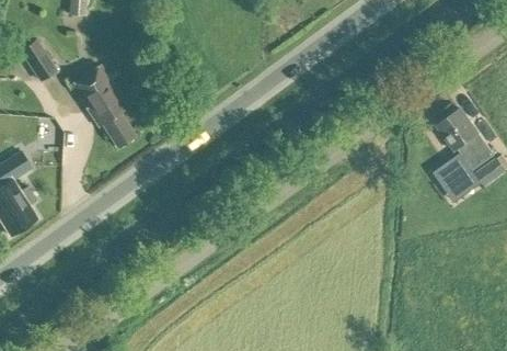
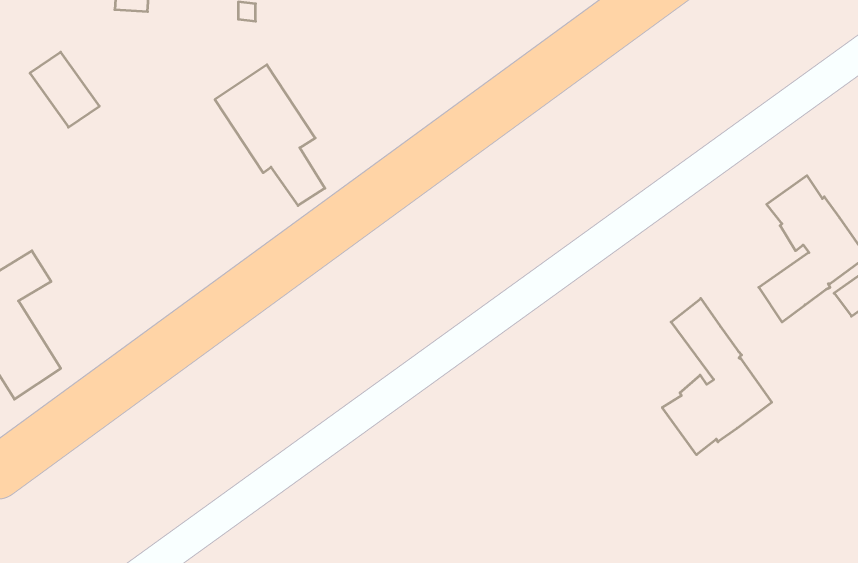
building: [71,65,134,145] -> [215,65,325,206]
building: none -> [662,298,772,455]

